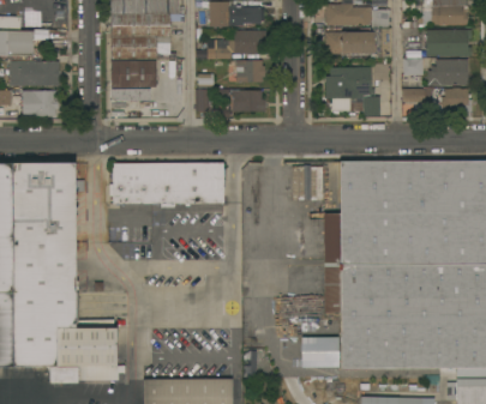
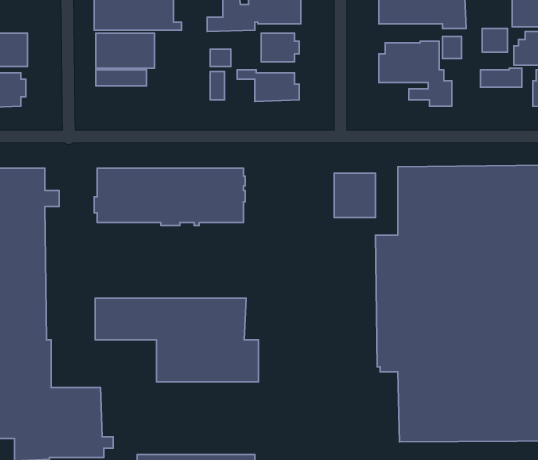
building: none -> [95,298,258,382]
building: [300,337,338,368] -> none

